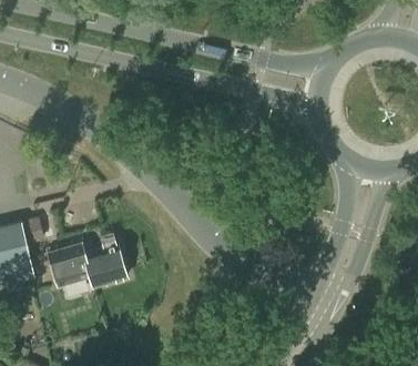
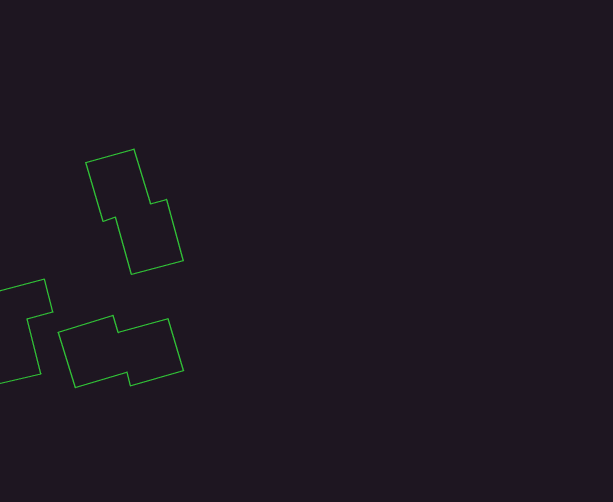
building: none -> [86,149,183,274]

